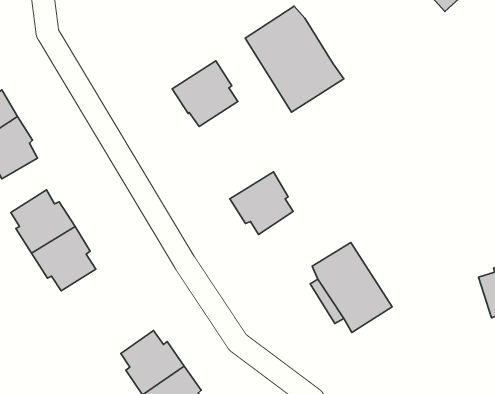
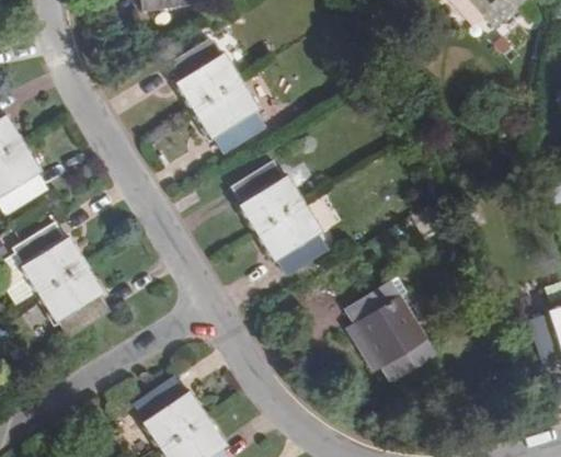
building: [245,6,344,112] -> none
building: none -> [169,39,241,112]
building: none -> [233,162,305,233]

